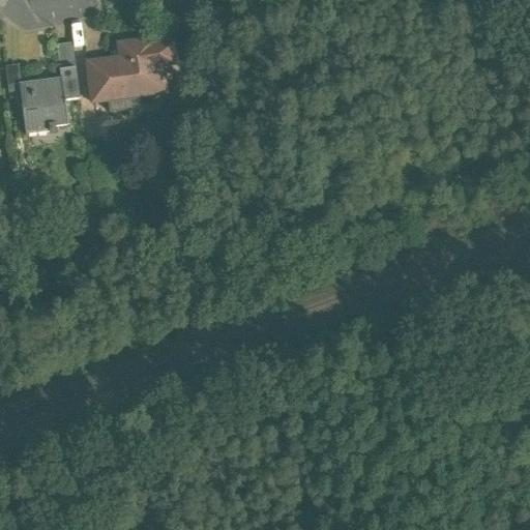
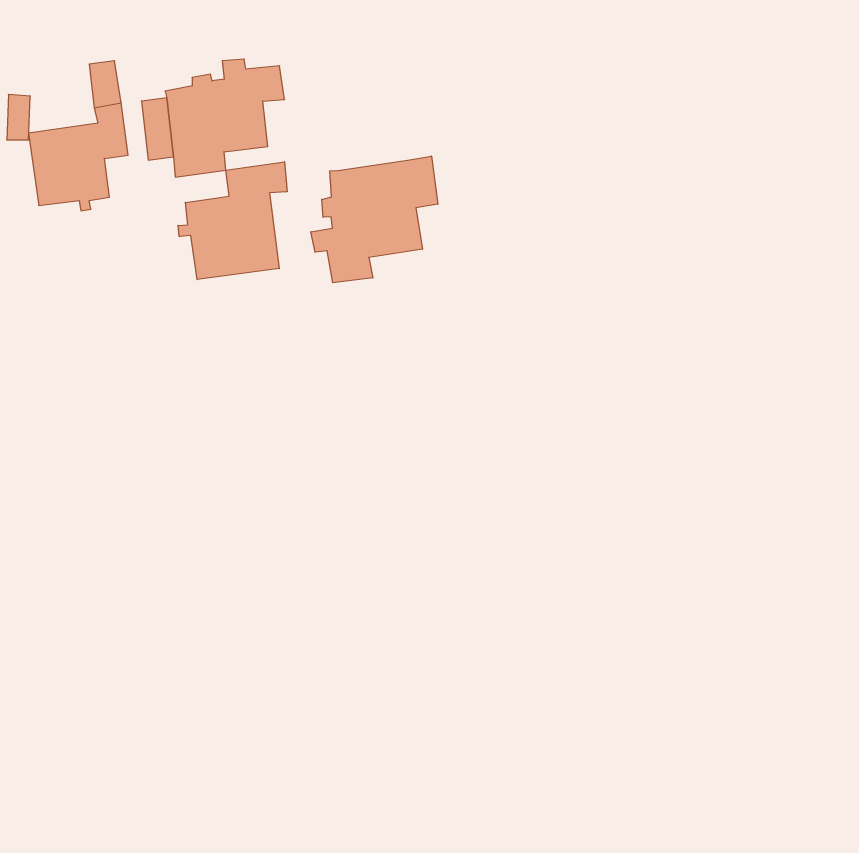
building: none -> [311,156,438,283]
building: none -> [178,162,287,280]

